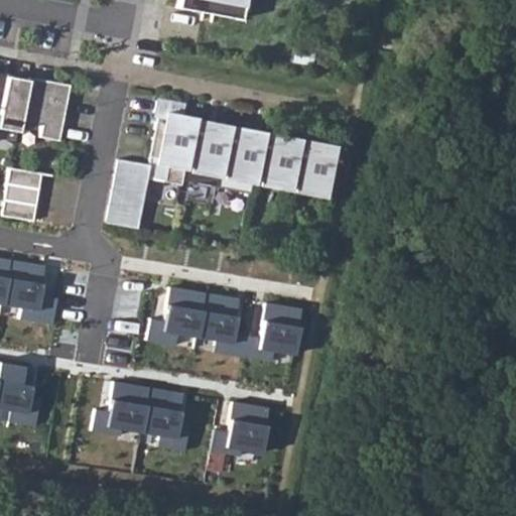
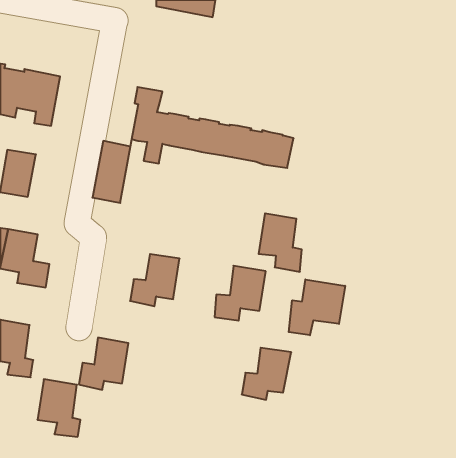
building: [198,291,246,357] -> [259,213,302,272]
building: none -> [289,279,345,335]
building: [140,386,188,450] -> [37,379,80,437]
building: [212,400,267,459] -> [242,348,291,400]

